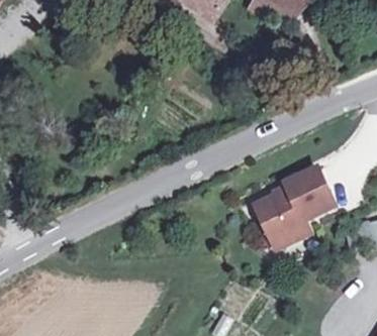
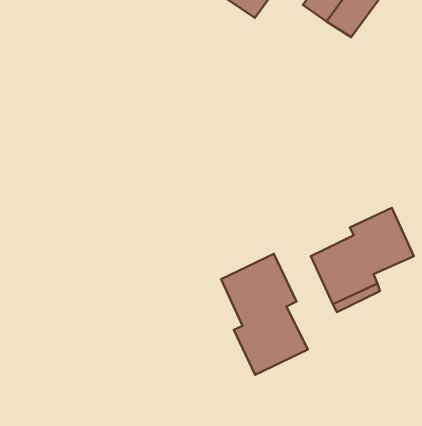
building: none -> [221,254,308,375]

